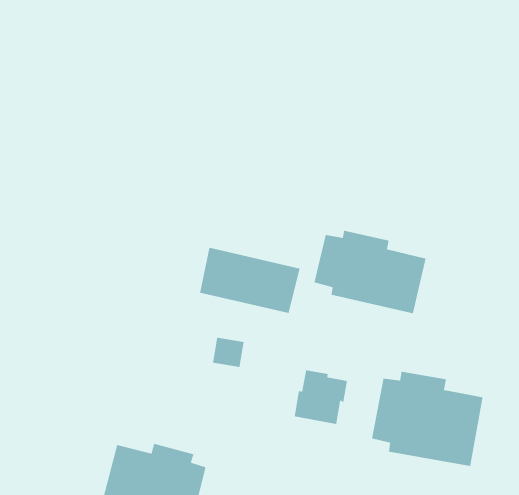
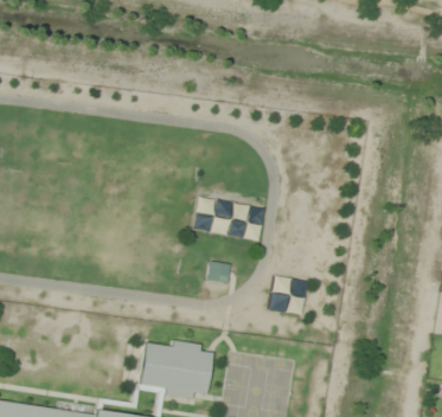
building: [314,230,426,314] -> none
building: [371,371,483,467] -> none

